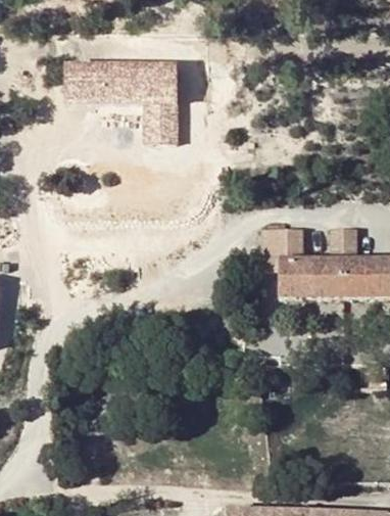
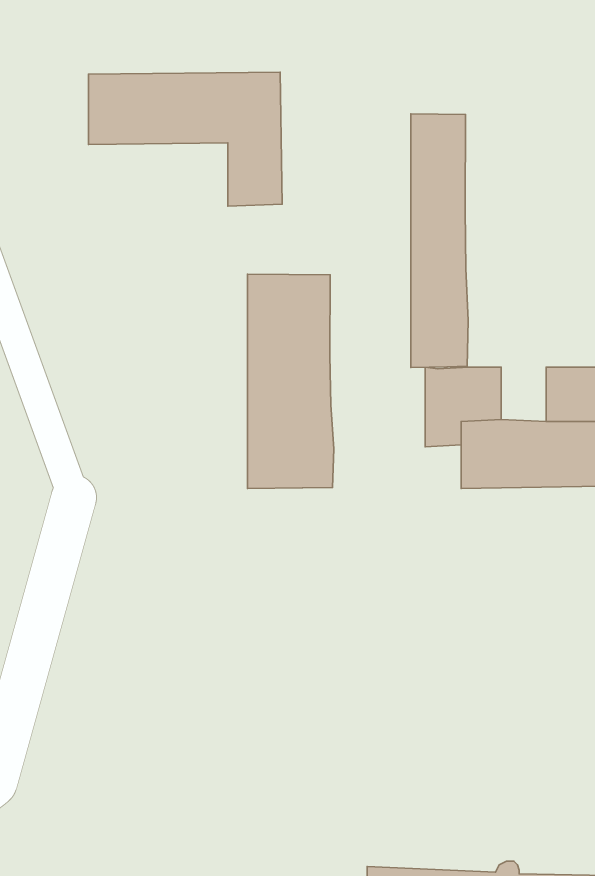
building: none -> [411,114,468,367]
building: none -> [247,274,334,488]

